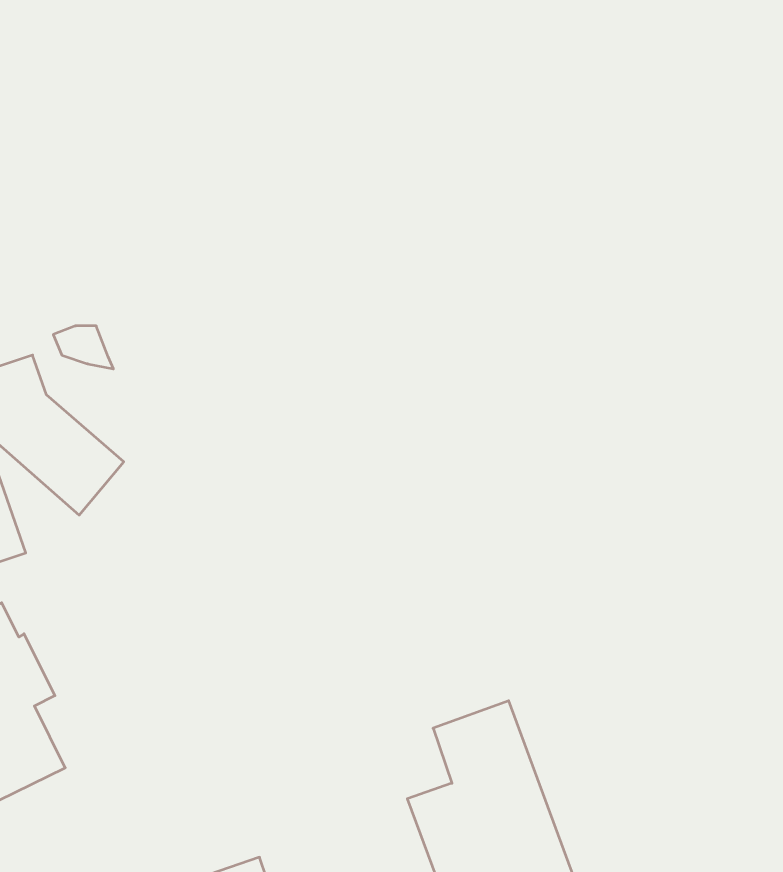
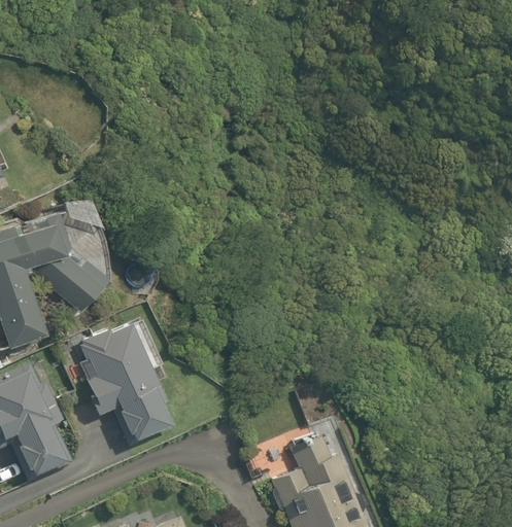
building: none -> [81,323,171,442]

